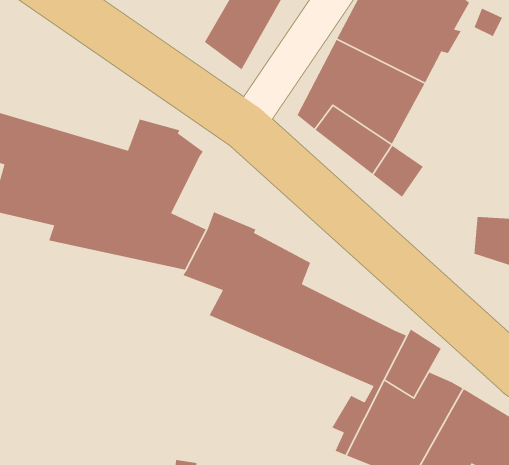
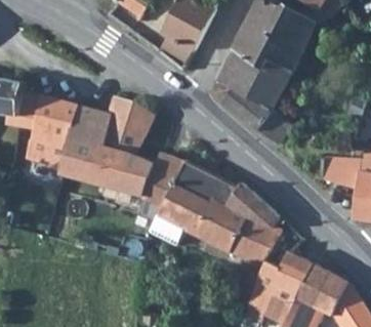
building: none -> [230,185,280,228]

